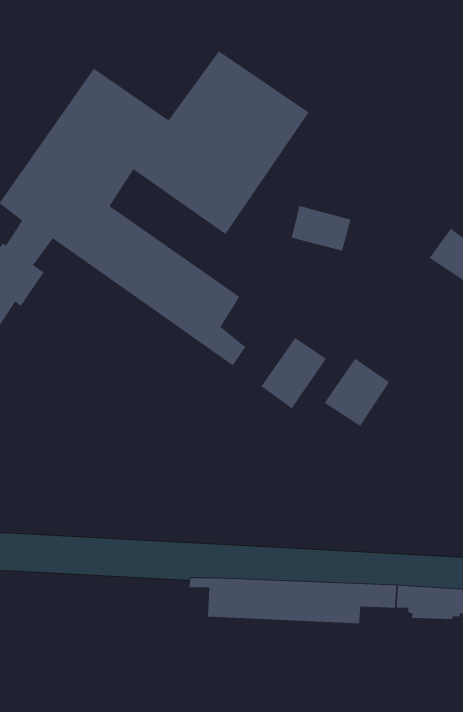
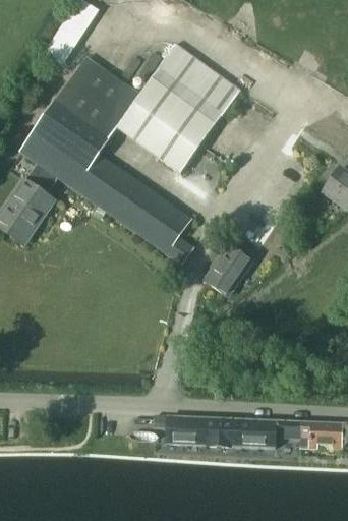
building: [291,205,351,251] -> none
building: [324,358,390,427] -> none

